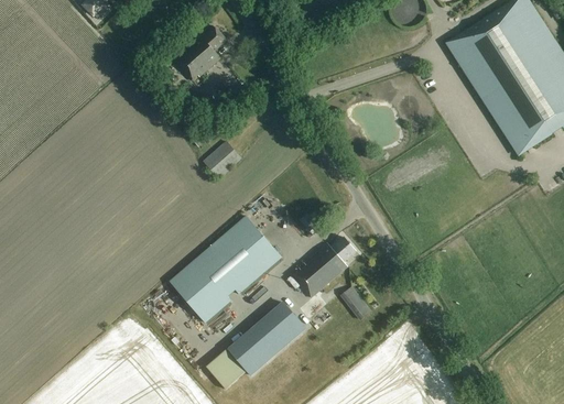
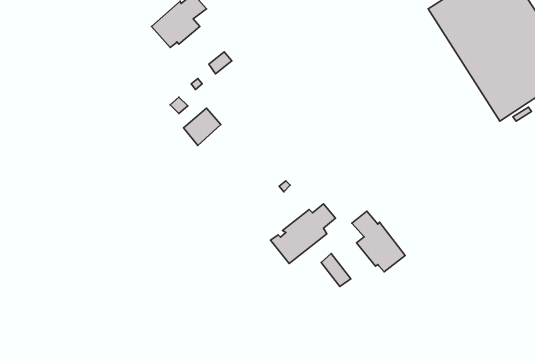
building: [170,216,282,323] -> none
building: none -> [352,211,405,272]
building: [228,301,306,374] -> none

